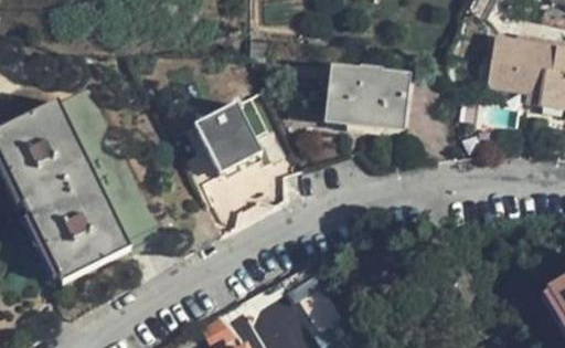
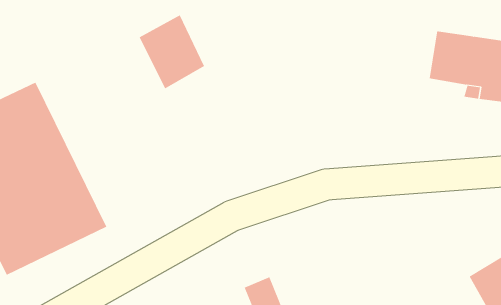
building: [326,71,404,126] -> none
building: [194,96,262,172] -> [139,14,205,89]

